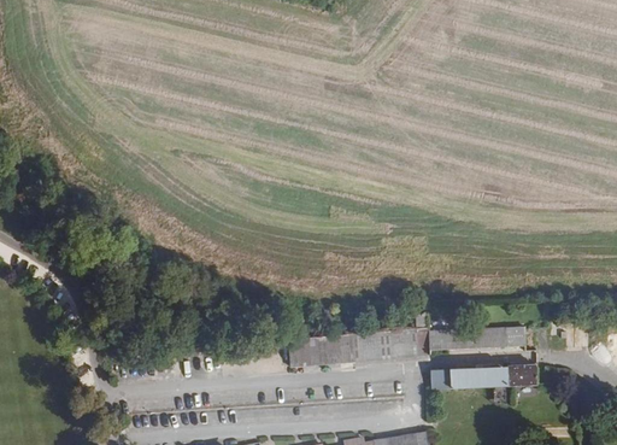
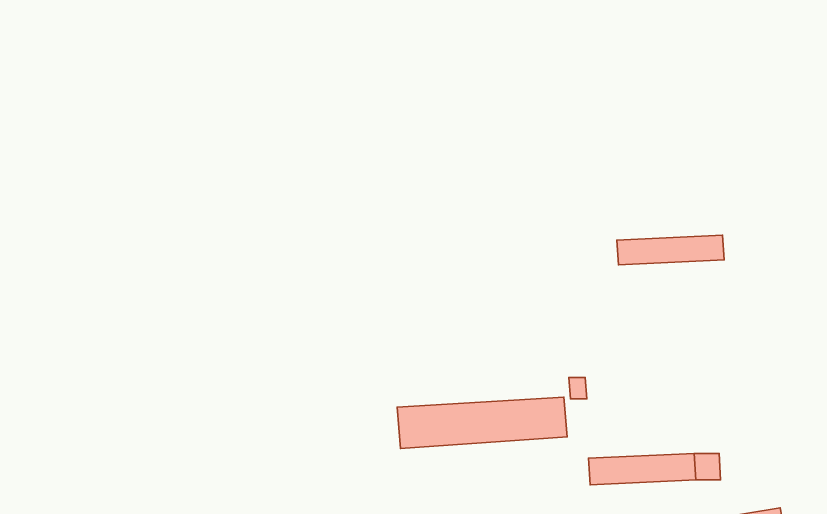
building: [434,328,512,350] -> [617,235,724,265]

